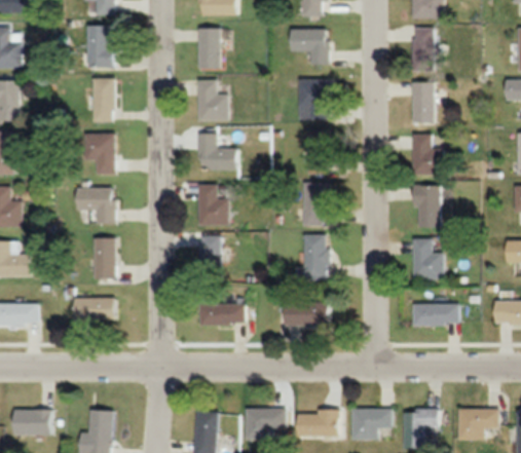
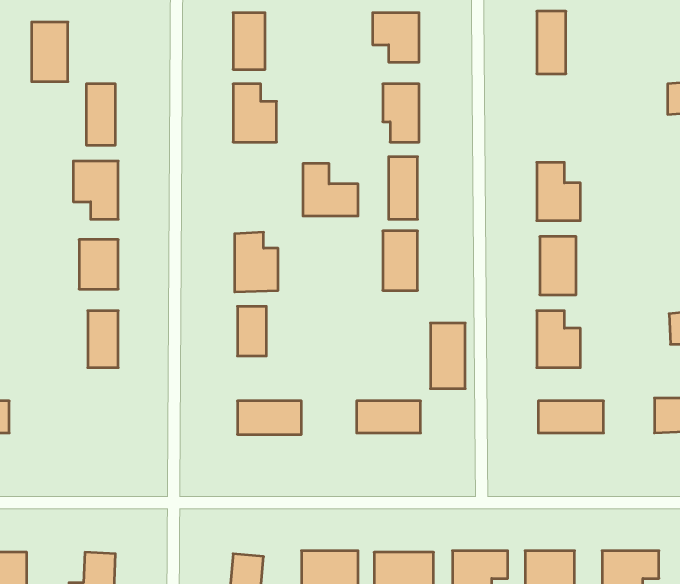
building: [86,26,112,68] -> [32,22,68,82]
building: [411,82,433,124] -> none
building: [197,134,236,171] -> [303,164,358,216]
building: [303,235,328,281] -> [430,323,465,389]
building: [72,299,115,325] -> none

